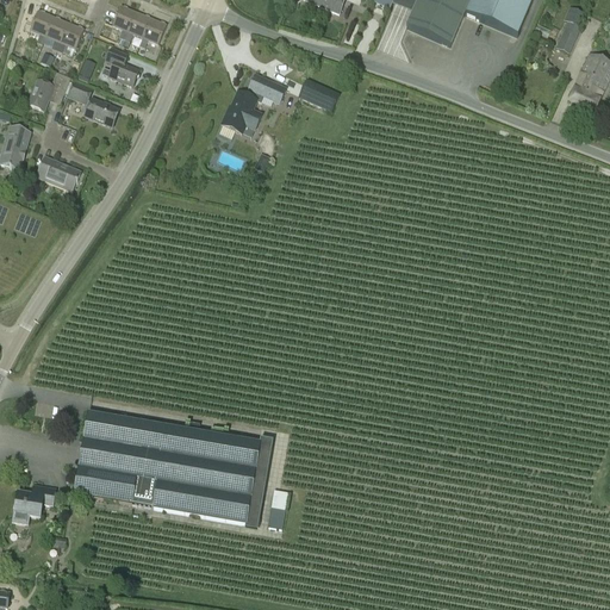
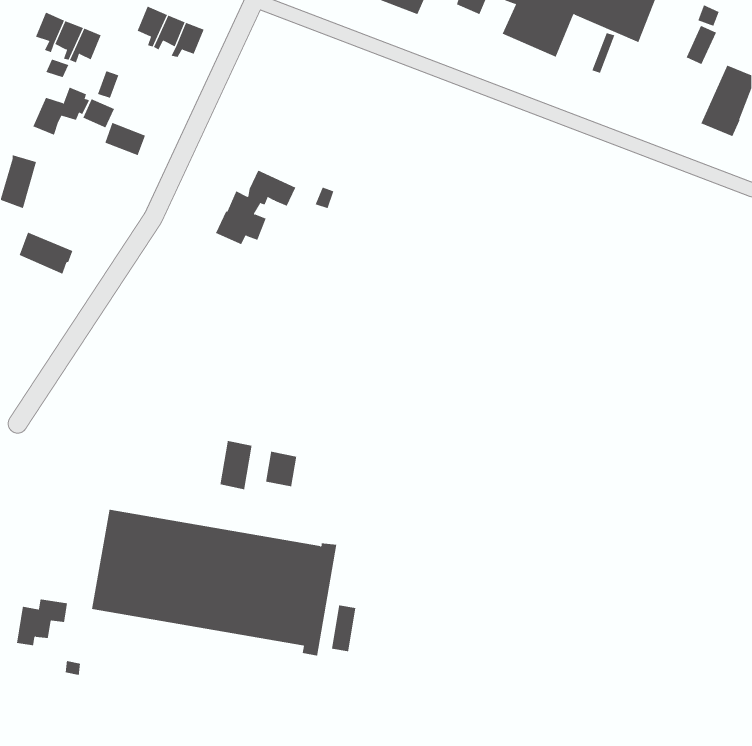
building: [101,46,138,86] -> none
building: [220,73,286,133] -> [215,170,296,245]
building: [298,77,340,111] -> none
building: [37,156,81,191] -> [19,232,73,274]
building: none -> [220,440,252,490]
building: none -> [265,451,297,487]

